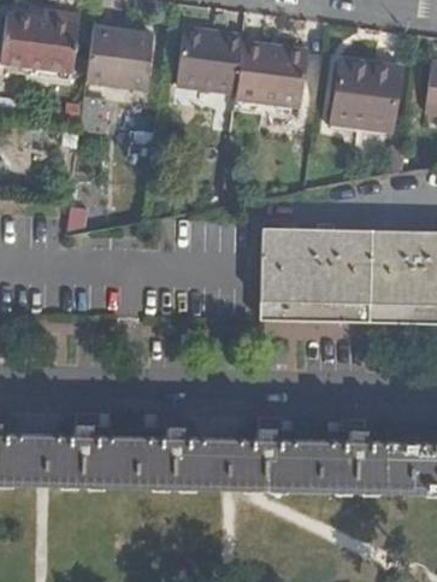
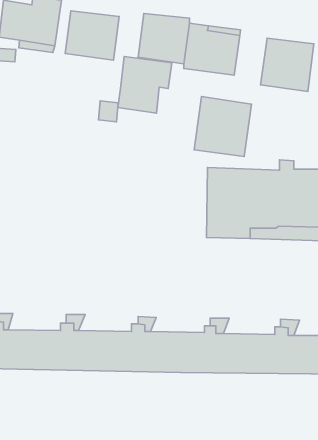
building: none -> [118,57,172,113]
building: none -> [194,97,251,156]

